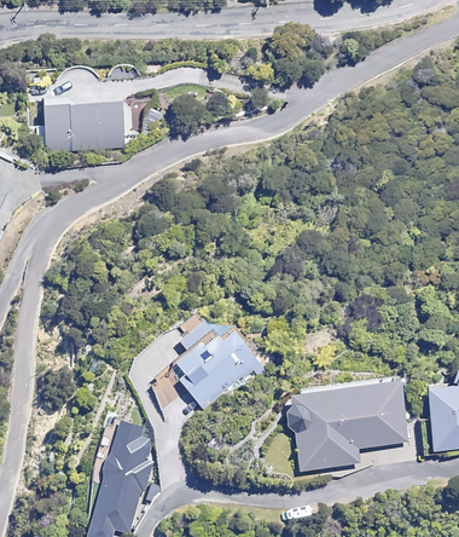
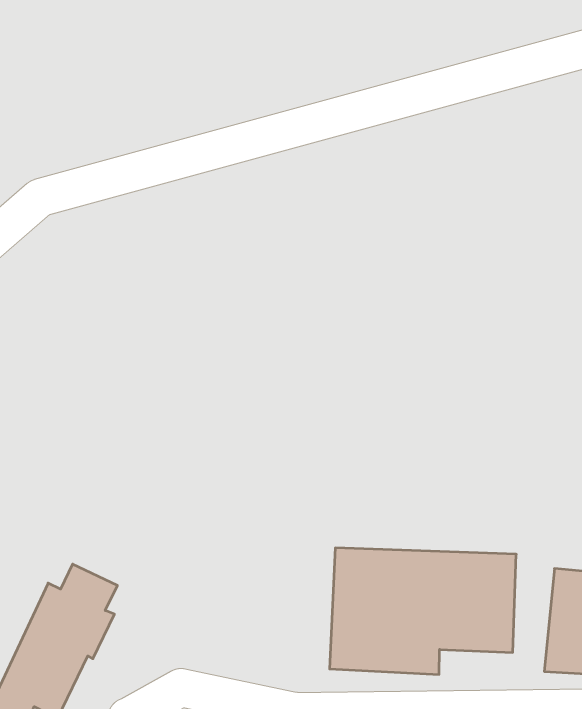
building: [36,100,124,151] -> none
building: [170,327,261,408] -> none

